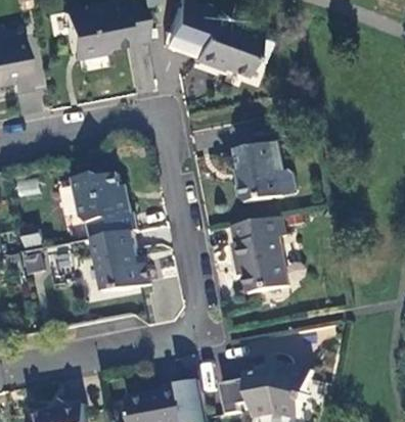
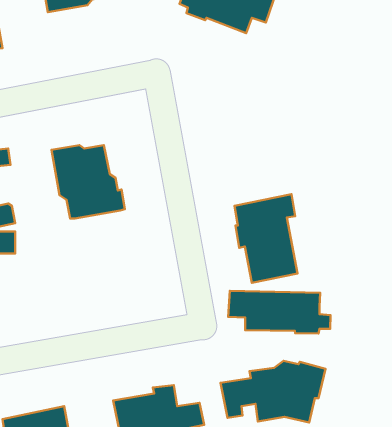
building: [236,142,297,202] -> none
building: [92,230,149,289] -> none
building: none -> [228,291,331,333]

